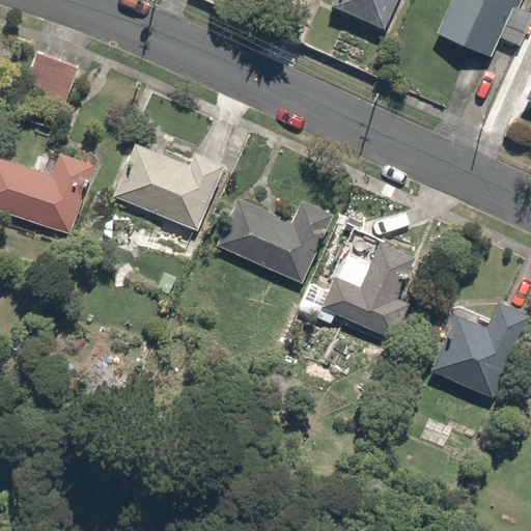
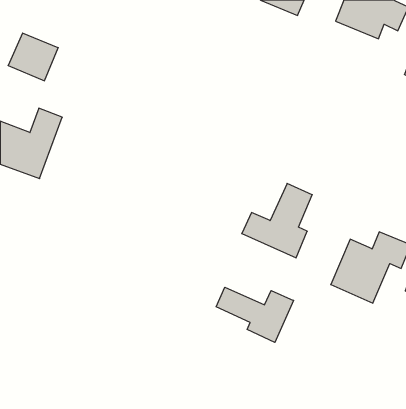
building: [116,143,225,231] -> none
building: [217,199,332,282] -> none
building: none -> [216,287,294,342]

